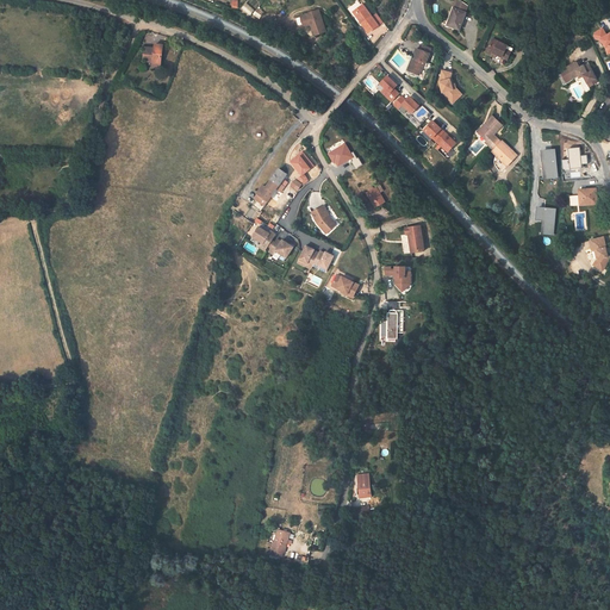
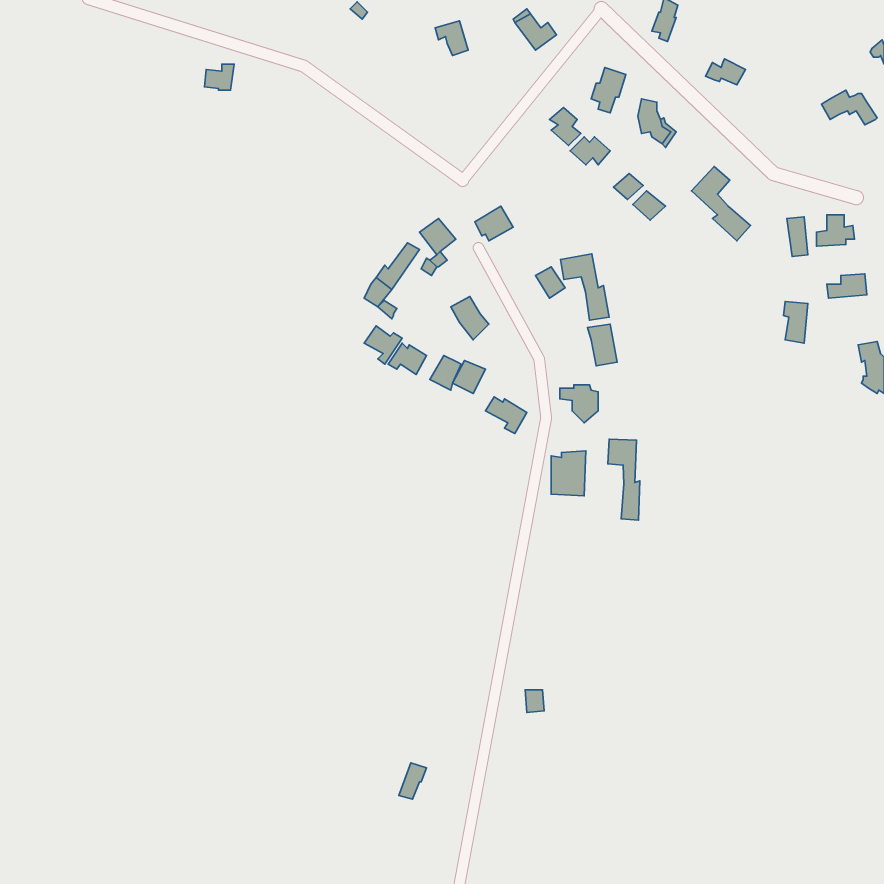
building: none -> [561,254,609,320]
building: none -> [608,439,640,520]

